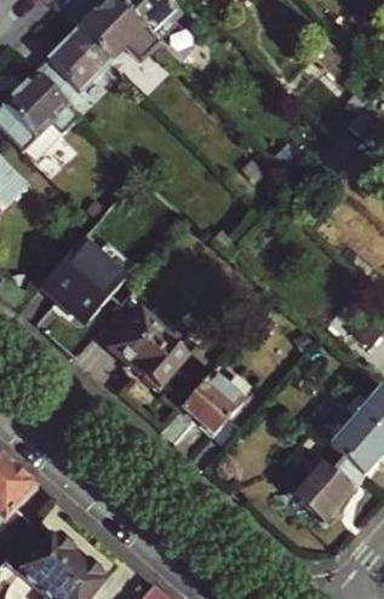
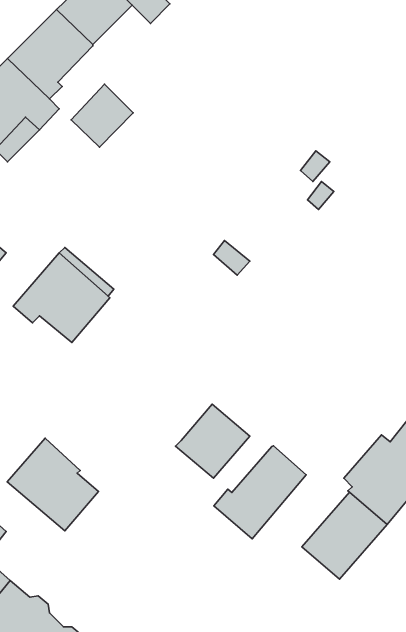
building: none -> [71,84,133,147]
building: [109,310,188,390] -> [7,438,98,531]
building: none -> [214,446,306,539]

